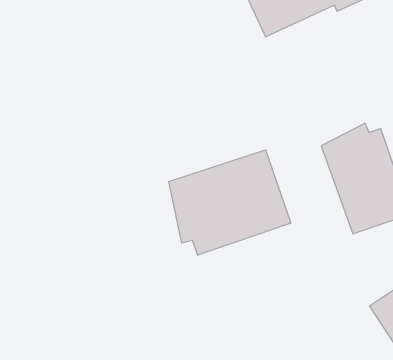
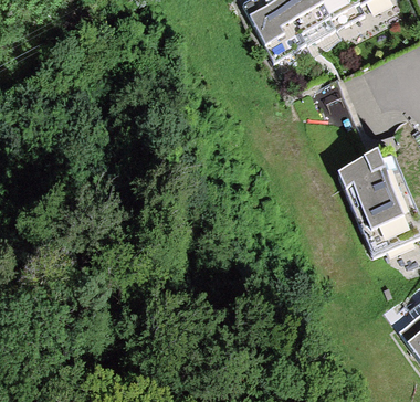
building: [169,150,291,255] -> none

